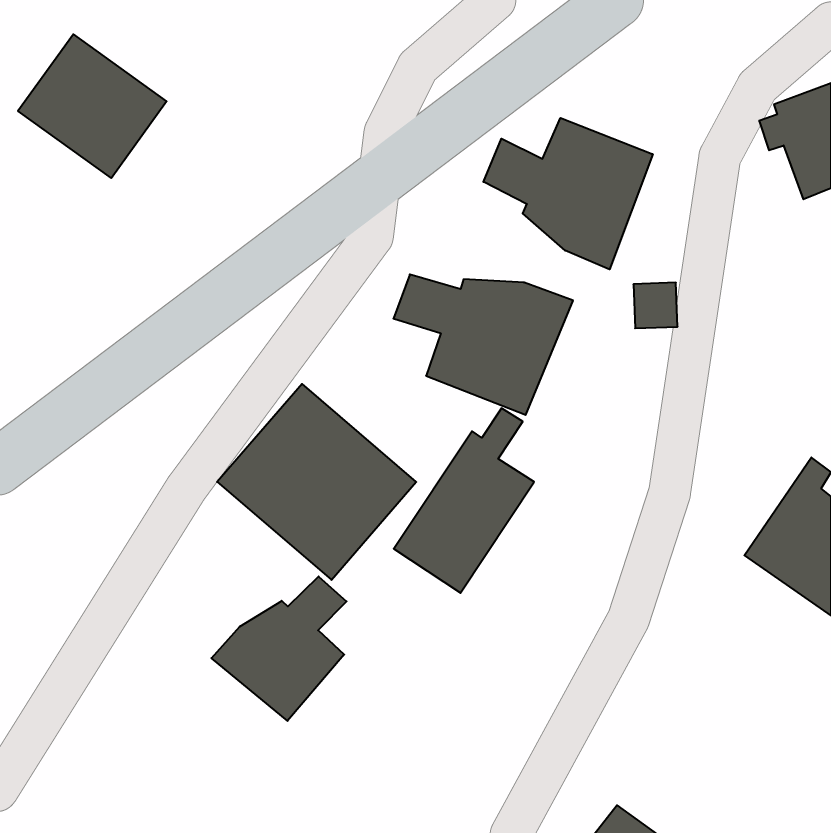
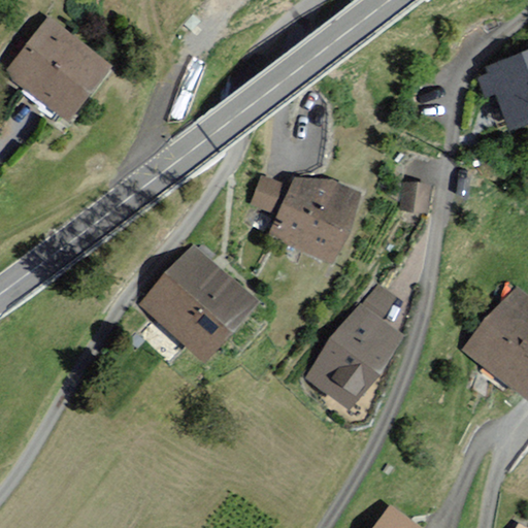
building: [483,118,653,269] -> none
building: [394,408,534,593] -> [309,290,398,406]
building: [211,576,347,721] -> none

